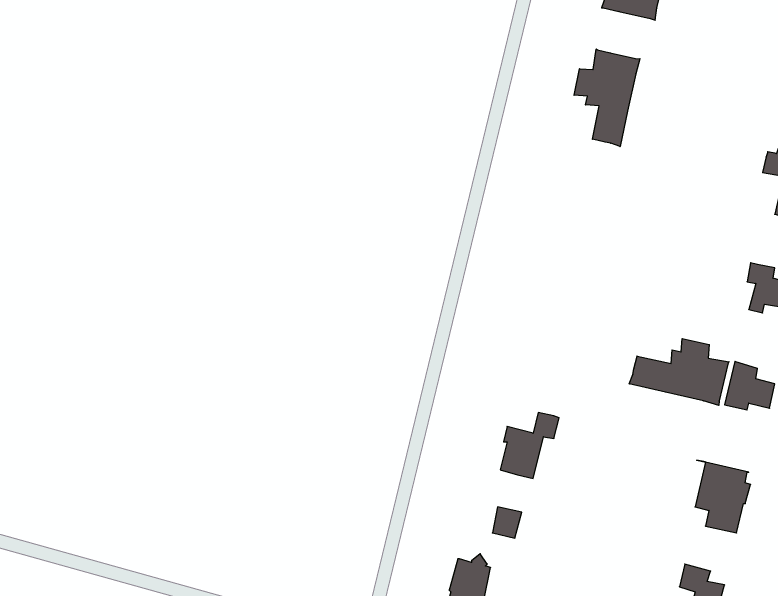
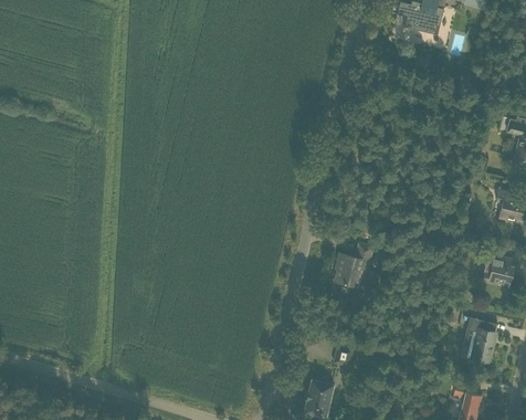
building: [574,49,640,147] -> none
building: [629,339,729,405] -> none
building: [500,413,559,478] -> [335,244,372,286]

